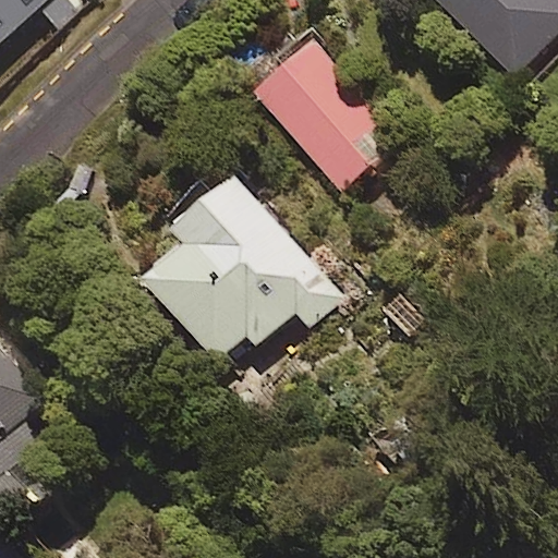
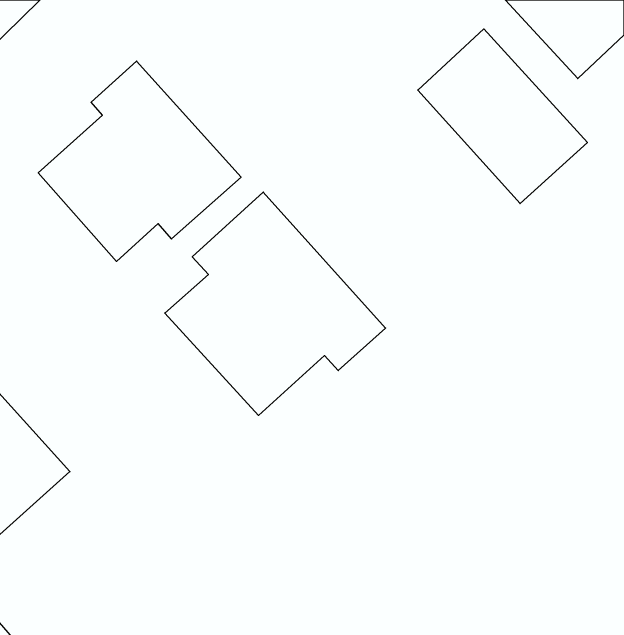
building: [250,37,398,190] -> [418,29,587,204]
building: none -> [38,61,241,261]

